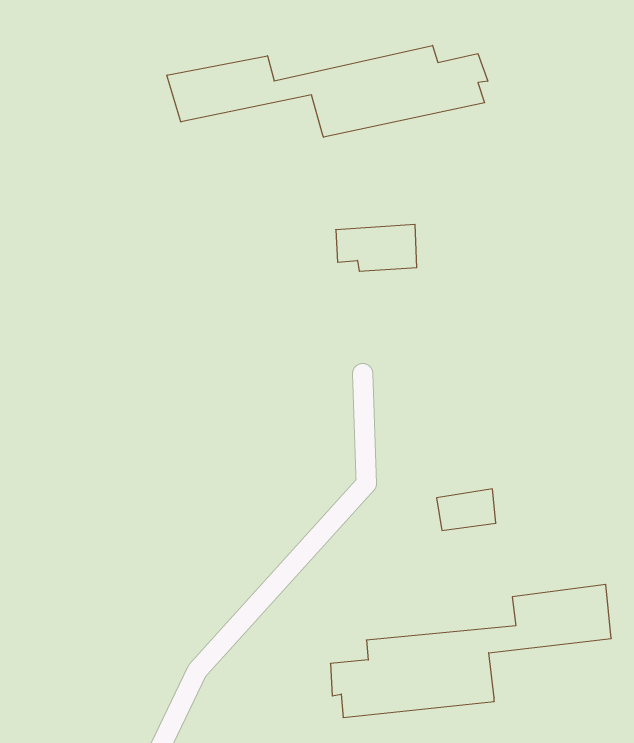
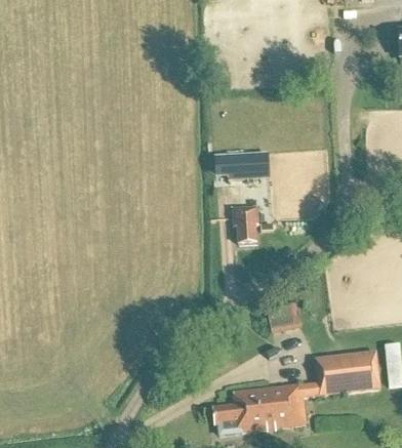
building: [167,45,488,137] -> none
building: none -> [234,205,258,241]

